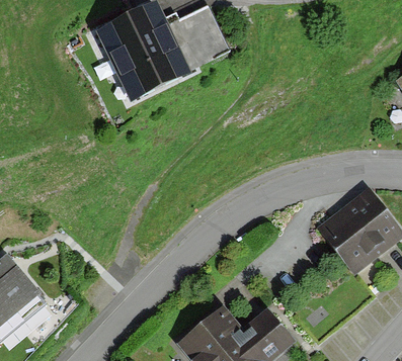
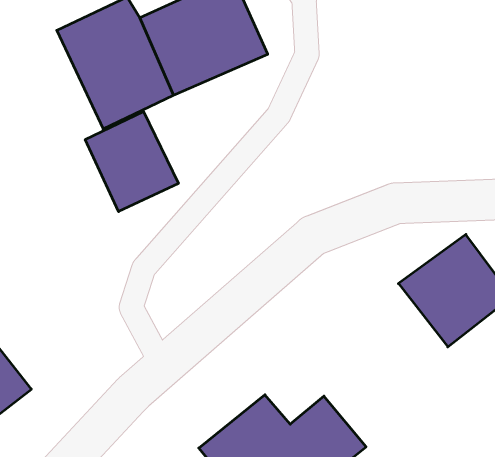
building: none -> [85,112,178,212]

